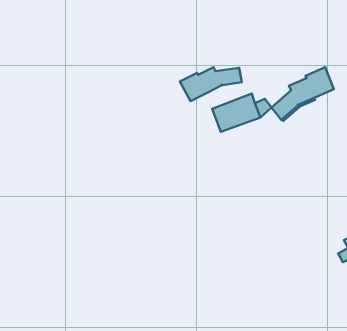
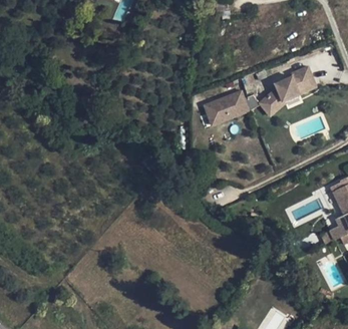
building: [180,67,242,101] -> none

